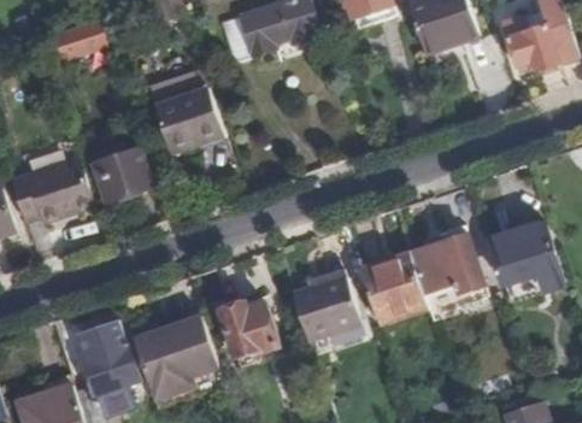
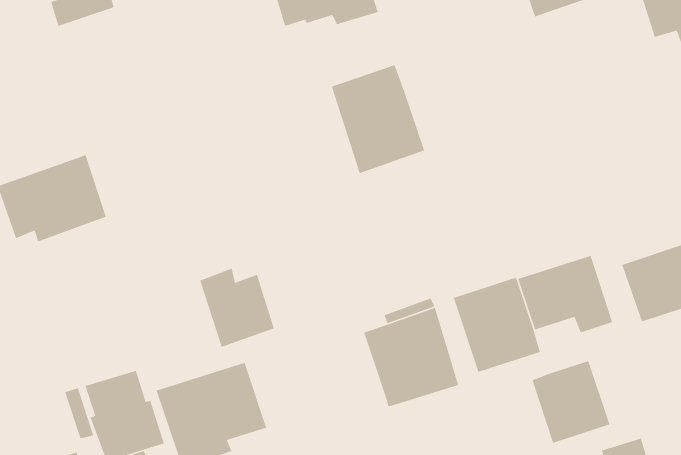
building: [151,67,223,152] -> [331,64,425,174]
building: [93,146,149,201] -> none
building: [219,300,277,362] -> [199,268,275,348]
building: none -> [531,361,610,444]

